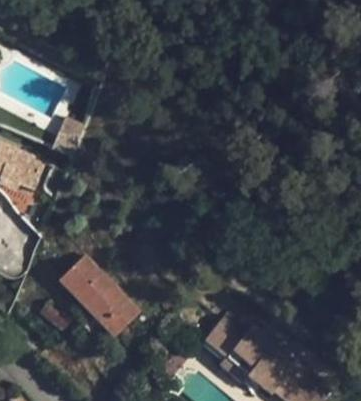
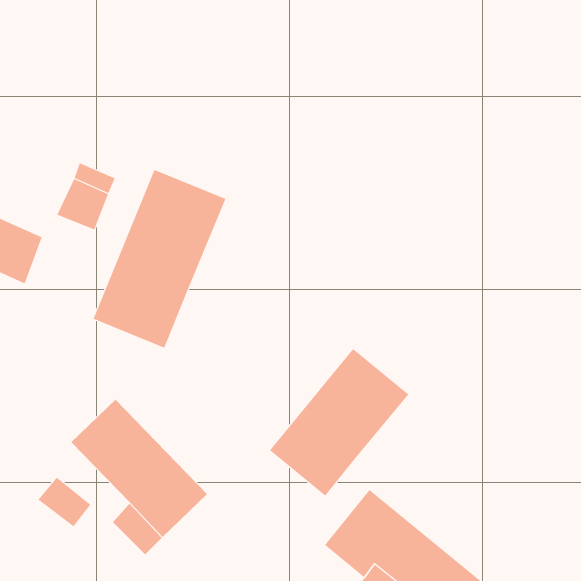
building: none -> [93,169,226,349]
building: none -> [269,348,409,496]

